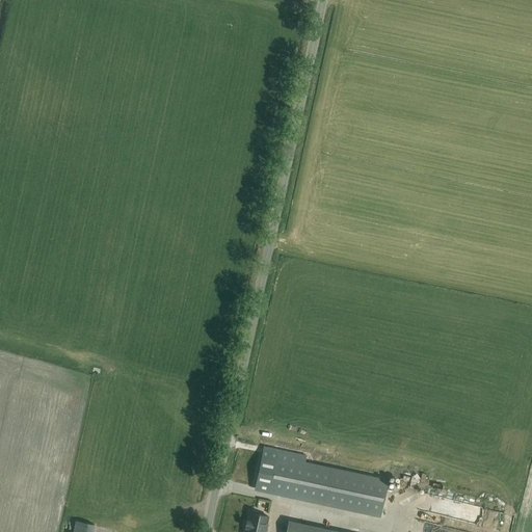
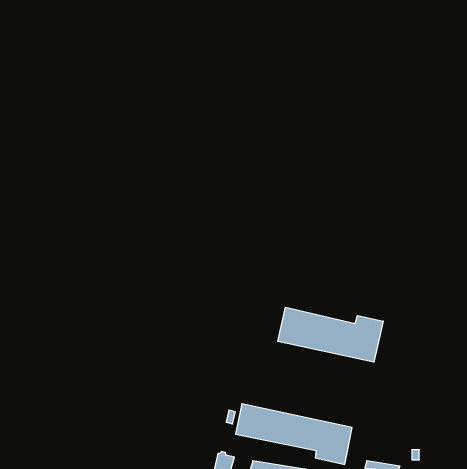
building: none -> [278,307,383,362]

